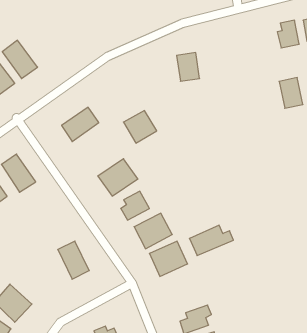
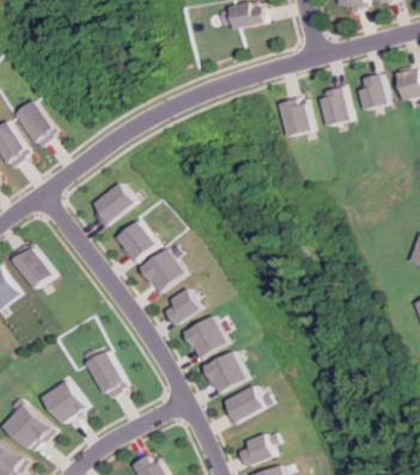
building: [177,53,200,81] -> [285,98,314,134]
building: [279,78,303,108] -> [322,86,352,124]
building: [123,111,157,143] -> [114,220,156,261]
building: [189,225,233,256] -> [218,384,273,422]
building: none -> [42,379,85,422]

